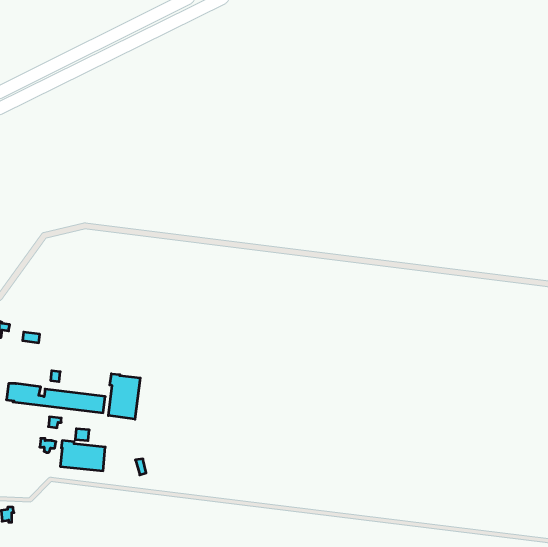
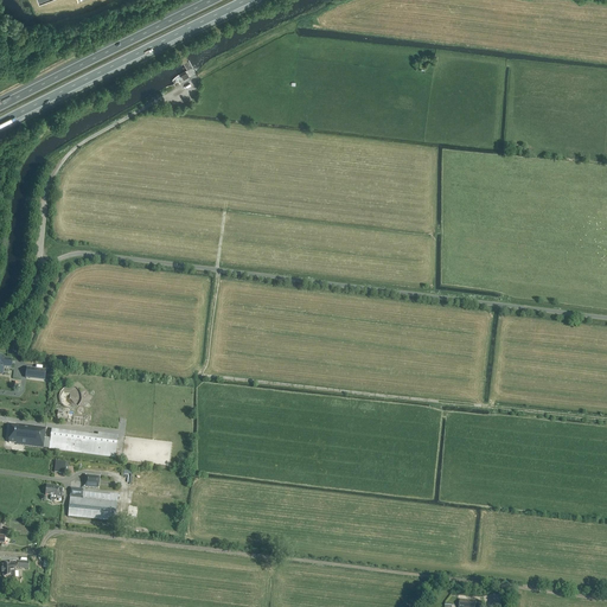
building: [108,374,140,419] -> none

